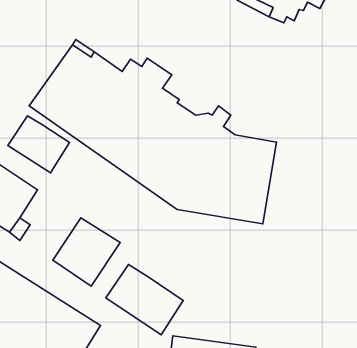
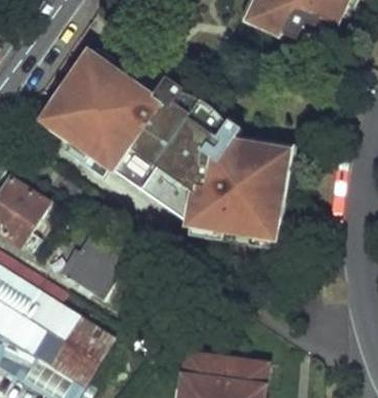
building: [8,116,69,173] -> none
building: [106,265,183,335] -> none

